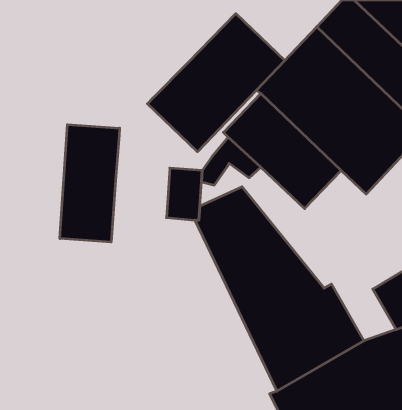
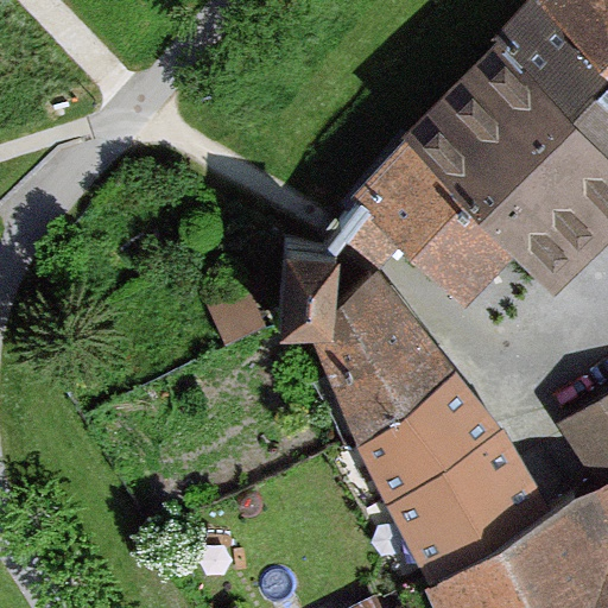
building: [147,14,285,152] -> none
building: [60,125,120,242] -> none

